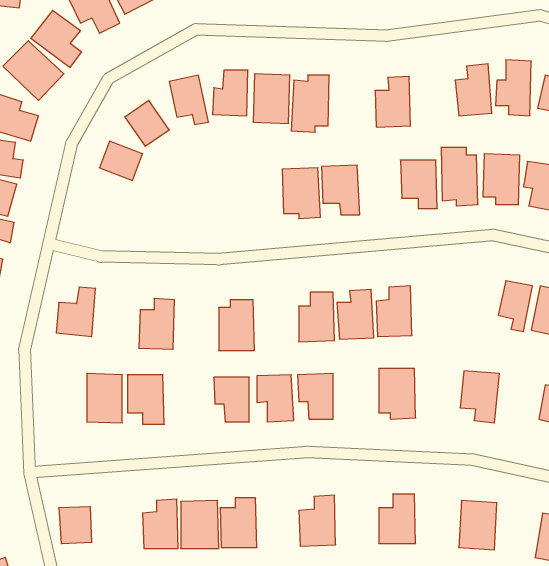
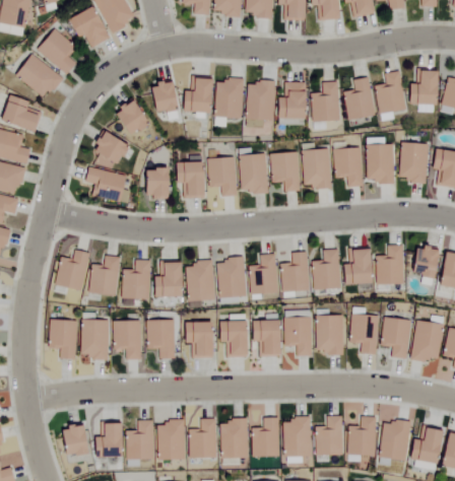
building: none -> [344,77,376,120]
building: none -> [276,81,306,119]
building: none -> [301,149,331,189]
building: none -> [208,157,237,197]
building: none -> [174,162,203,198]
building: none -> [85,166,130,203]
building: none -> [143,169,166,199]
building: none -> [377,245,404,284]
building: none -> [342,247,371,283]
building: none -> [90,255,121,294]
building: none -> [217,258,248,297]
building: none -> [153,260,181,296]
building: none -> [349,314,378,353]
building: none -> [411,315,443,360]
building: none -> [284,317,313,356]
building: none -> [146,319,177,358]
building: none -> [49,320,78,359]
building: none -> [347,416,376,456]
building: none -> [281,417,313,457]
building: none -> [219,419,249,458]
building: none -> [92,421,120,457]
building: none -> [407,424,442,468]

